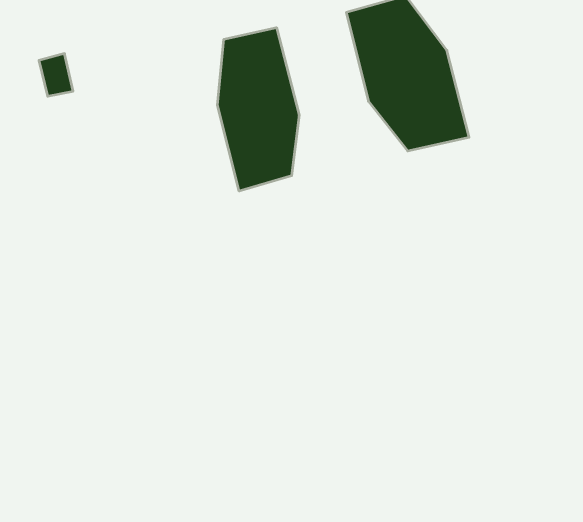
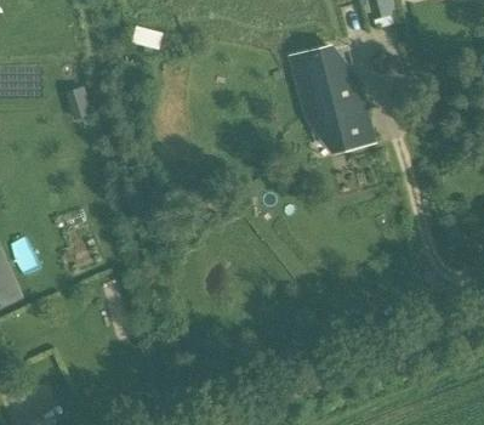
building: [217,28,299,191] -> none

